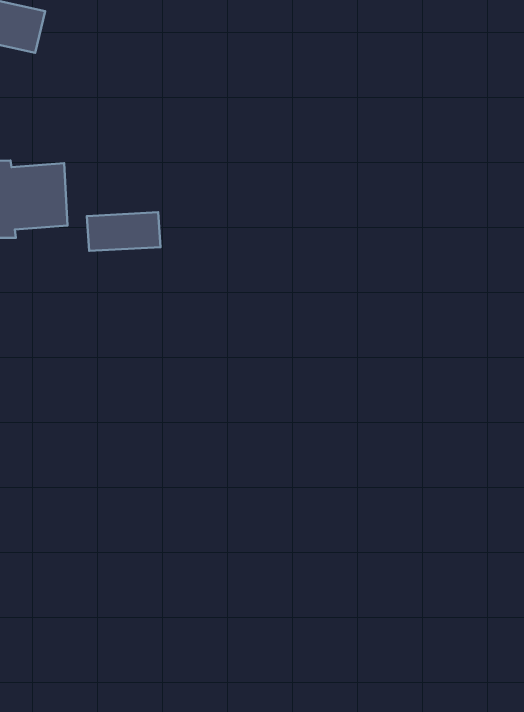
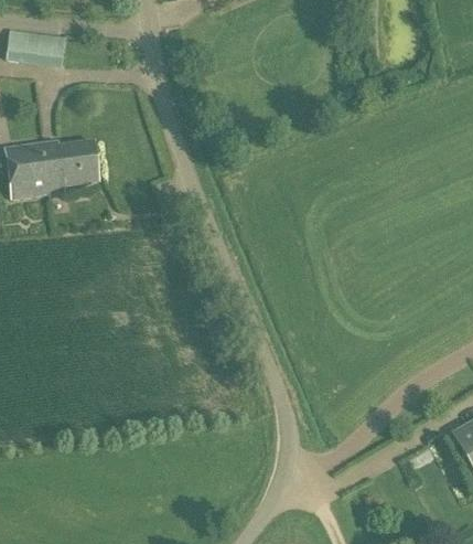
building: [87,212,160,251] -> none

